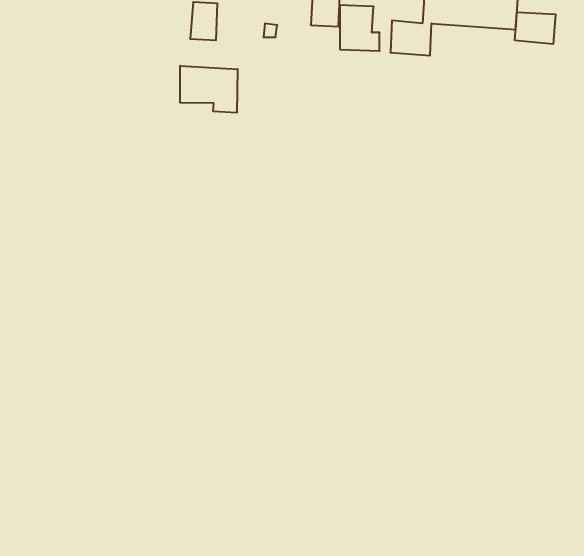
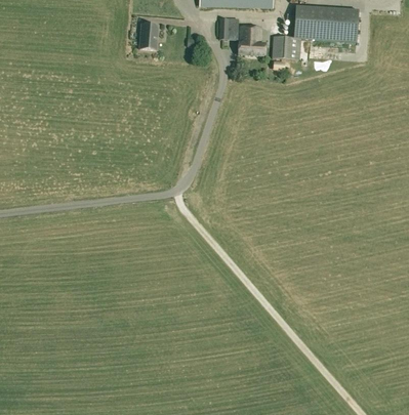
building: [515,12,556,44] -> none
building: [180,66,238,113] -> none

